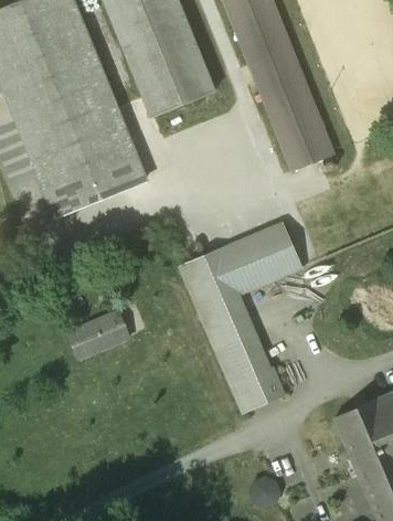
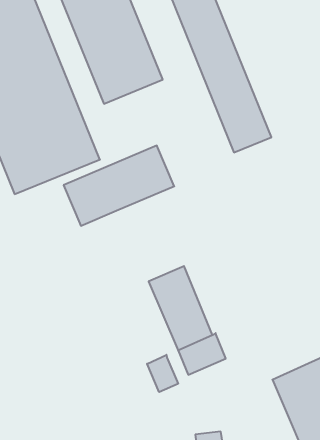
building: [180,224,300,311] -> [64,146,174,226]
building: [67,311,129,359] -> none
building: none -> [147,355,178,392]

